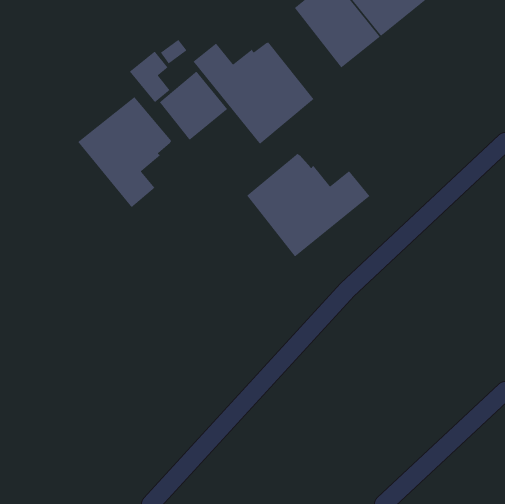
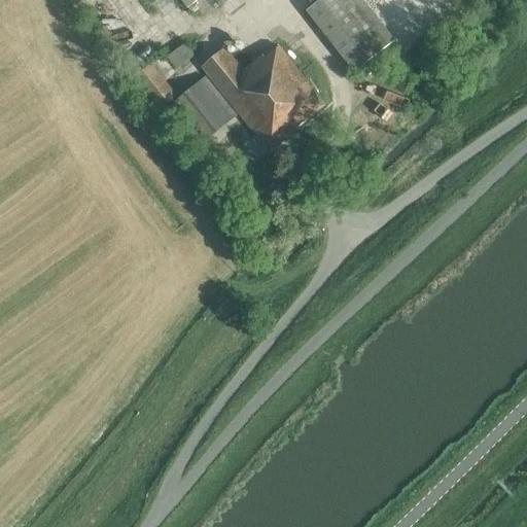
building: [77,96,172,208] -> none
building: [246,153,371,257] -> none

